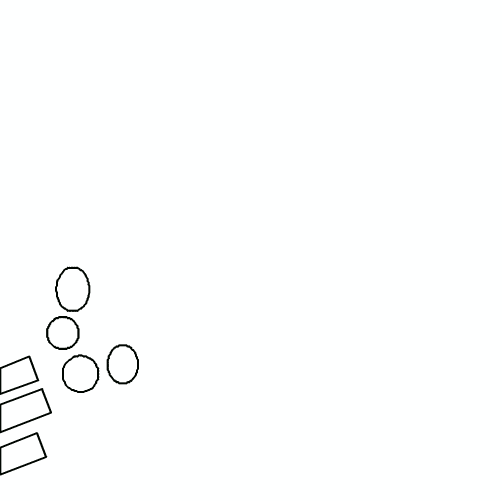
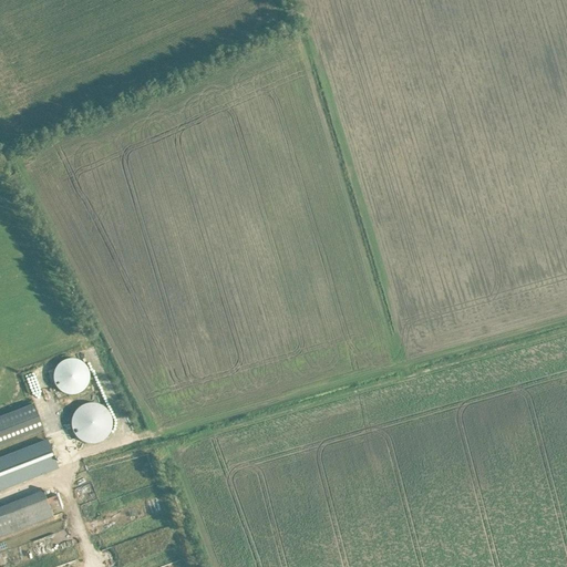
building: [56,268,89,311] -> none
building: [108,345,138,383] -> none

